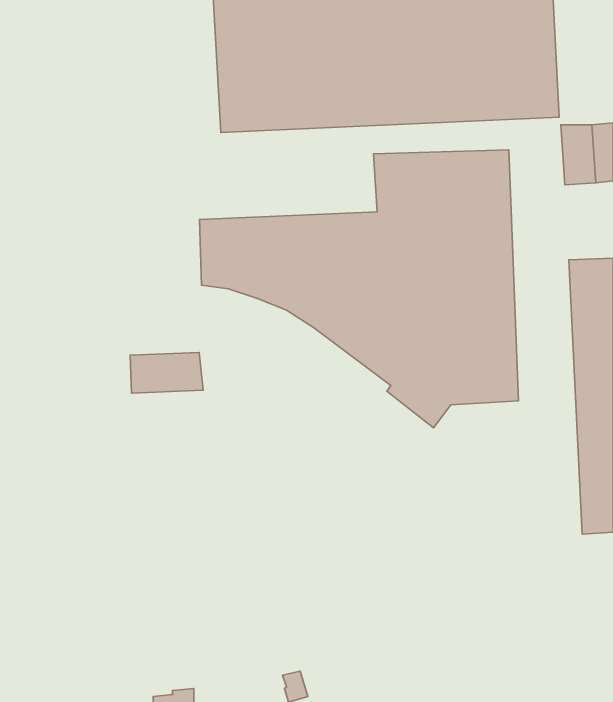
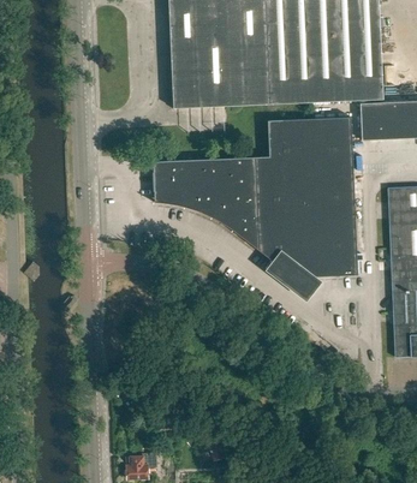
building: none -> [359,102,386,141]
building: [130,353,203,393] -> none

